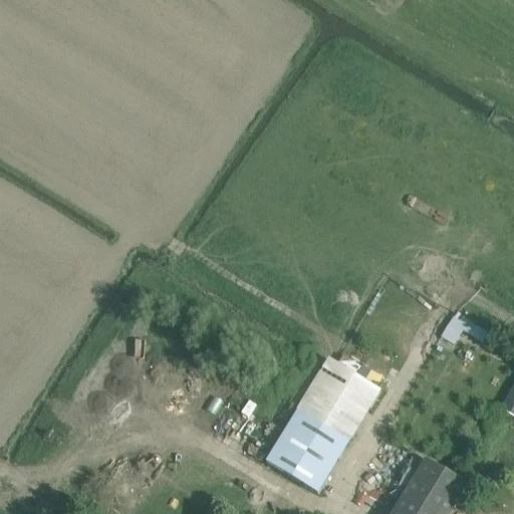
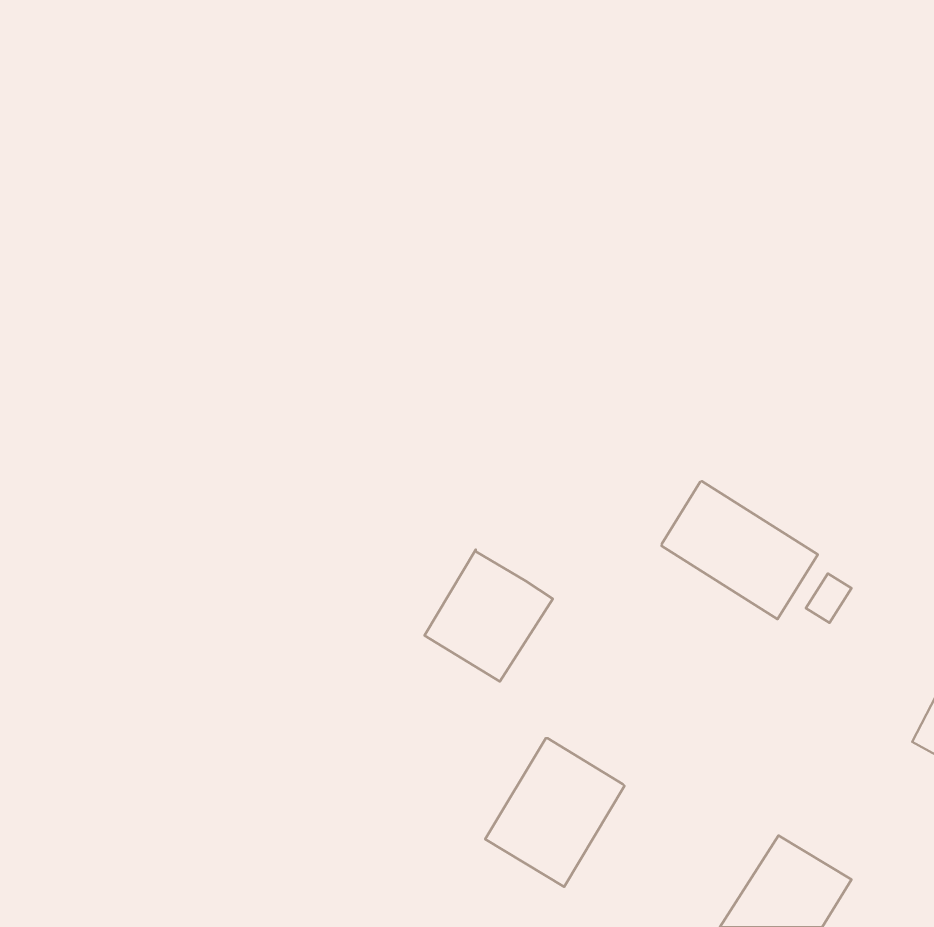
building: none -> [661,481,818,619]
building: [301,357,371,430] -> [425,550,553,681]

